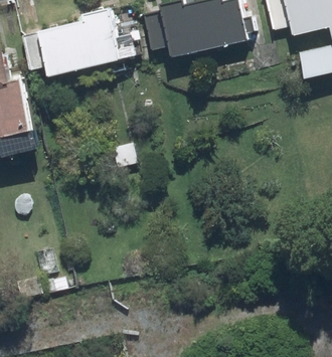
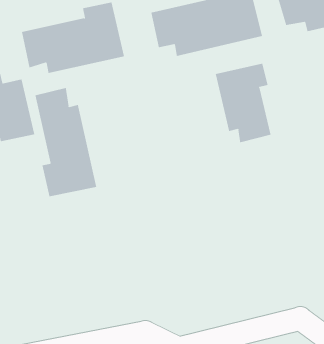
building: none -> [215,63,271,143]
building: none -> [35,87,97,197]

